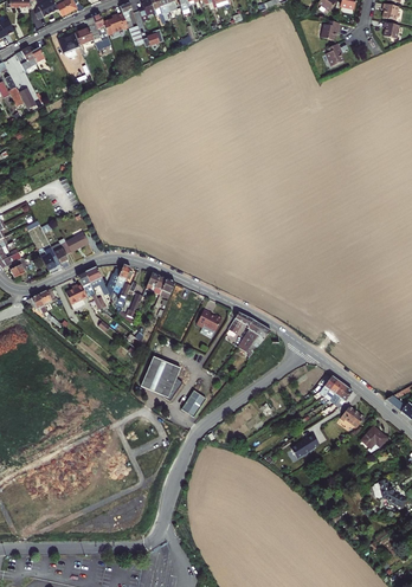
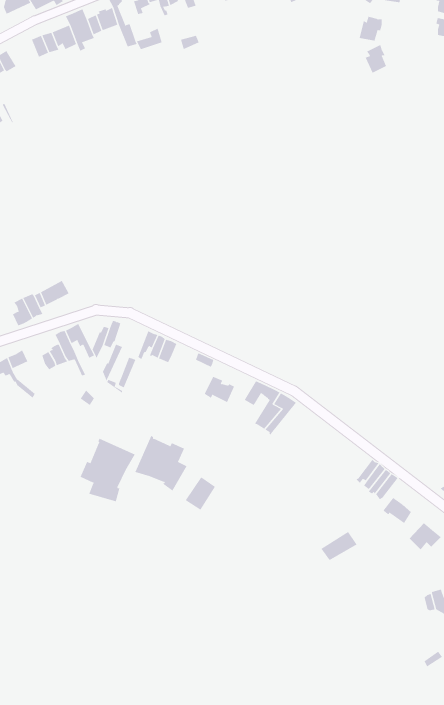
building: none -> [80,438,135,502]

